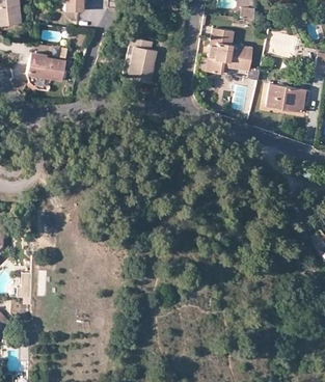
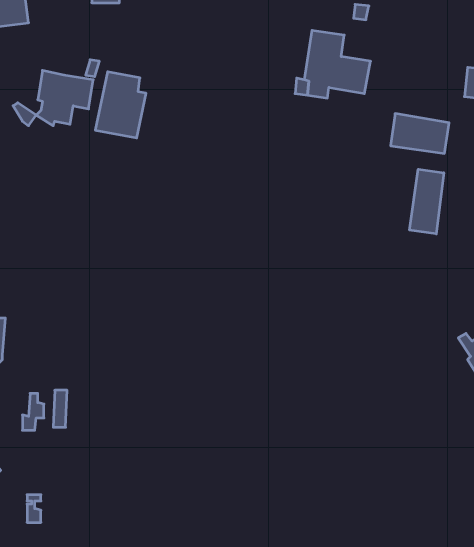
building: [123,37,157,82] -> [95,72,146,138]
building: none -> [410,169,444,234]

